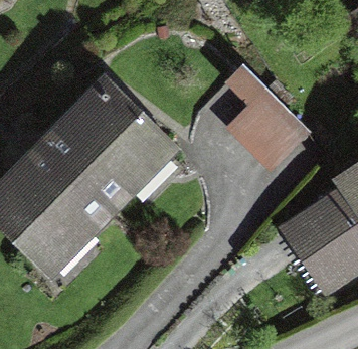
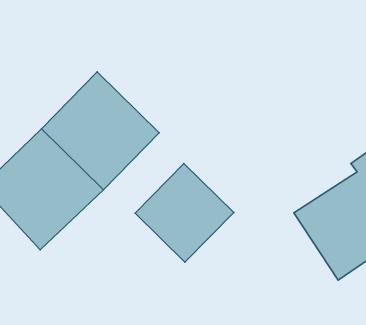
building: [206,71,303,166] -> none
building: none -> [135,164,234,262]

